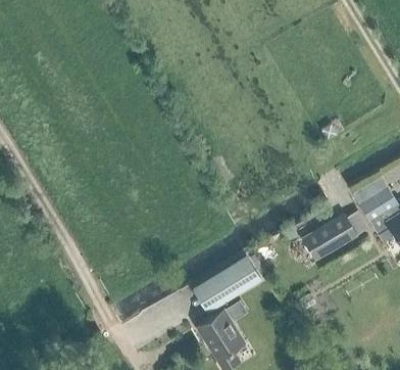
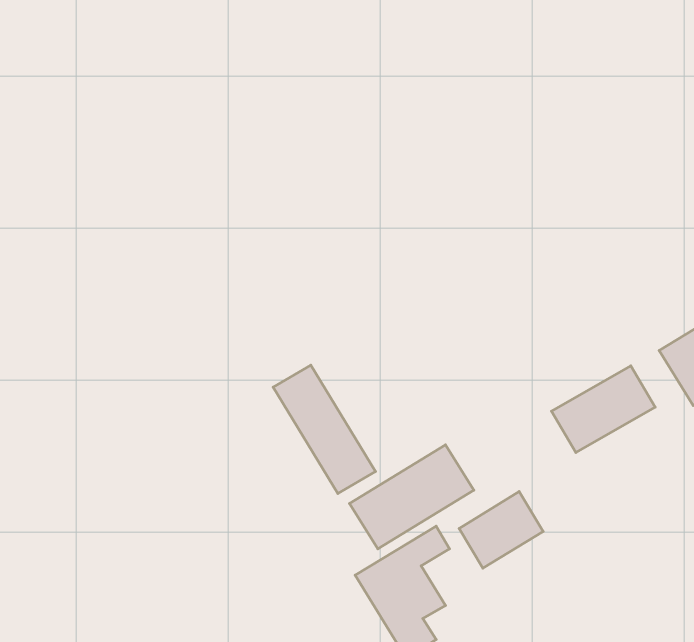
building: none -> [273,365,375,493]
building: none -> [459,492,543,568]

